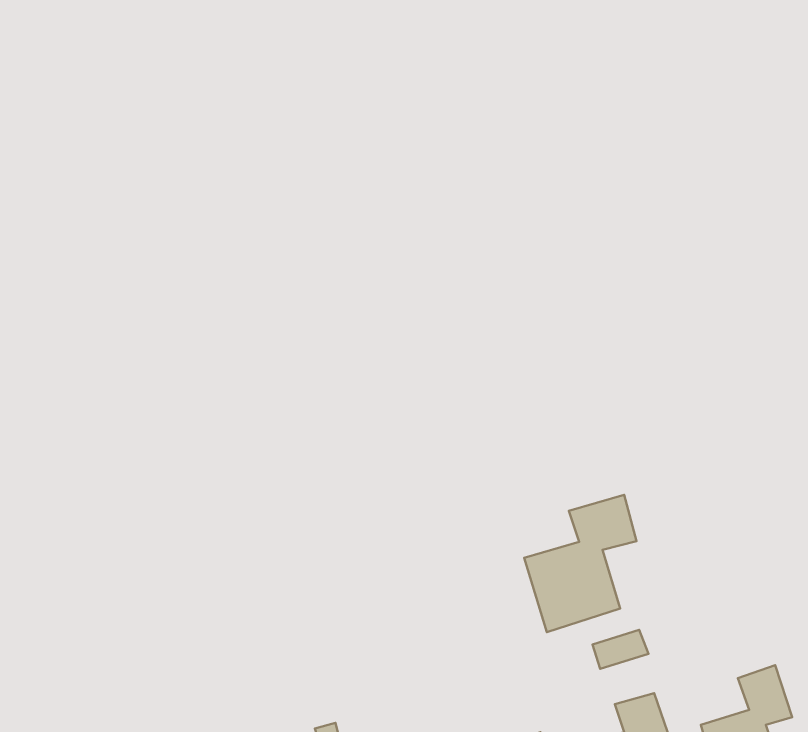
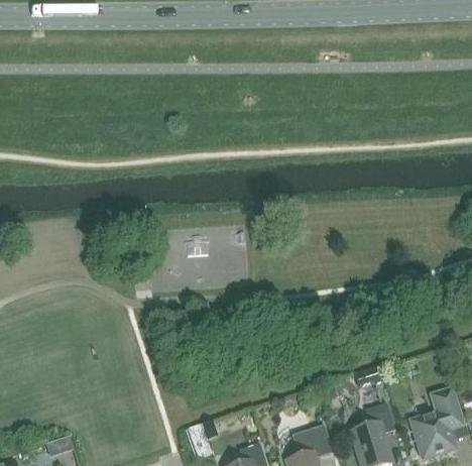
building: [524,495,636,632] -> none

